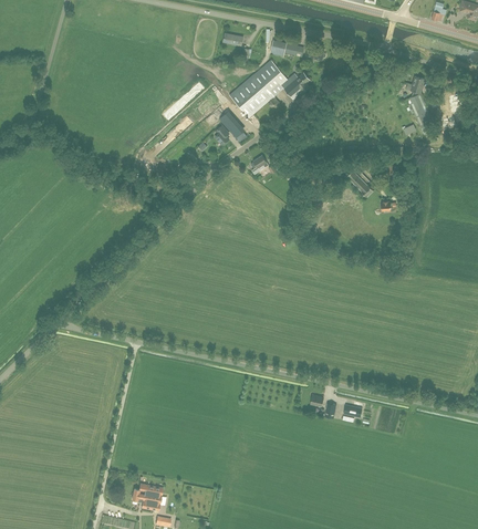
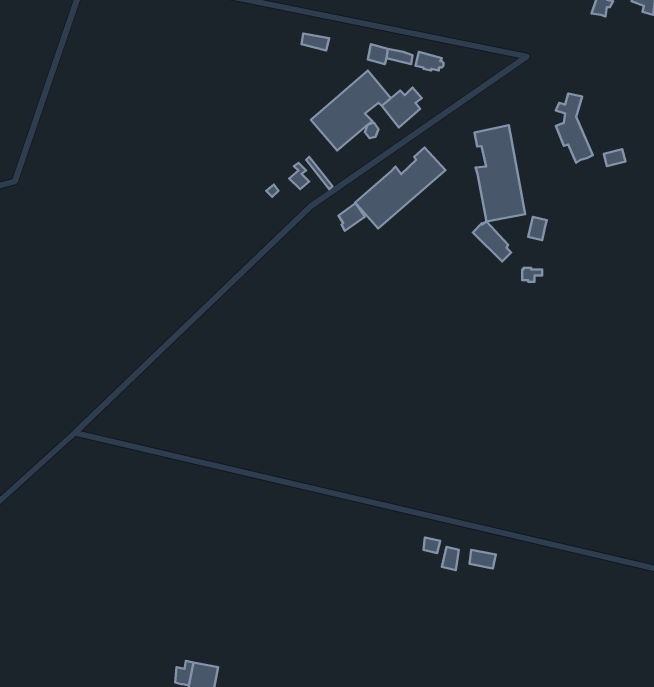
building: none -> [474,125,525,222]
building: none -> [355,147,446,229]

